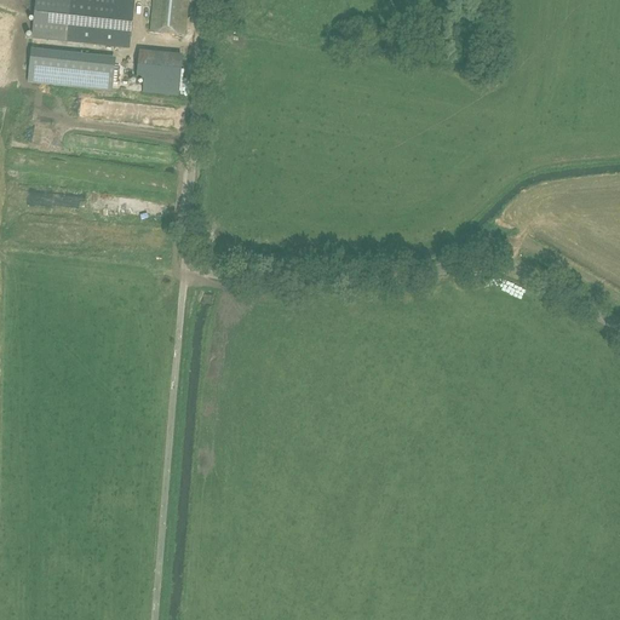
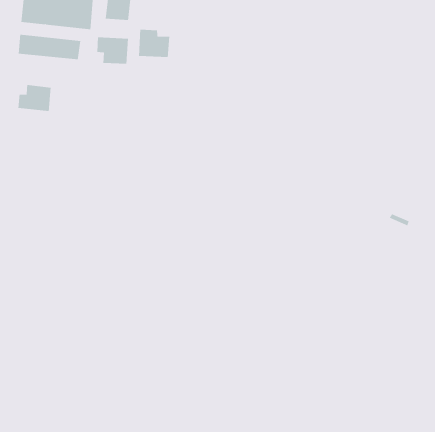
building: none -> [138,29,170,58]
building: none -> [18,84,51,112]

